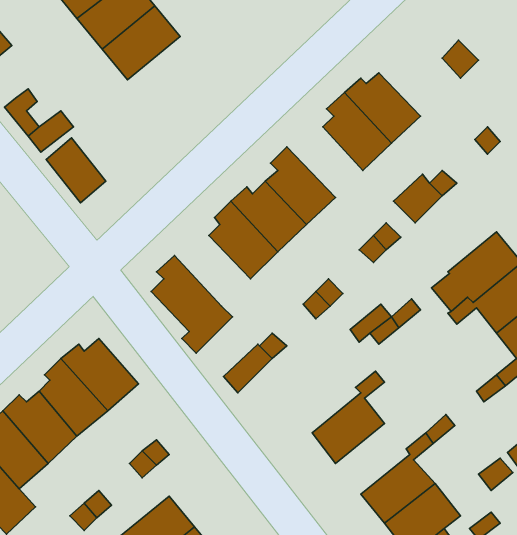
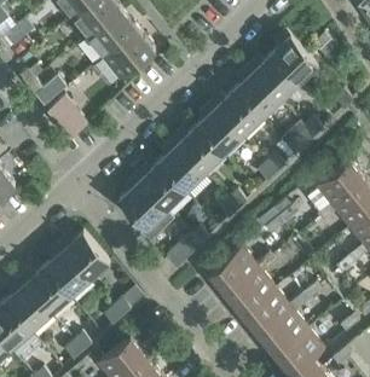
building: none -> [104,31,156,81]
building: none -> [272,33,319,85]
building: none -> [210,92,261,139]
building: none -> [135,164,186,211]
building: none -> [209,249,260,296]
building: none -> [243,290,293,337]

